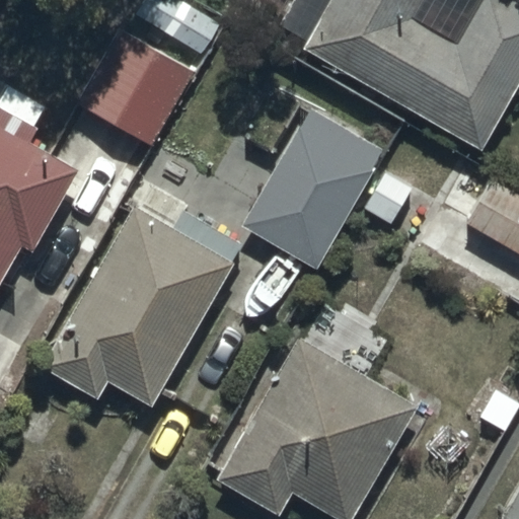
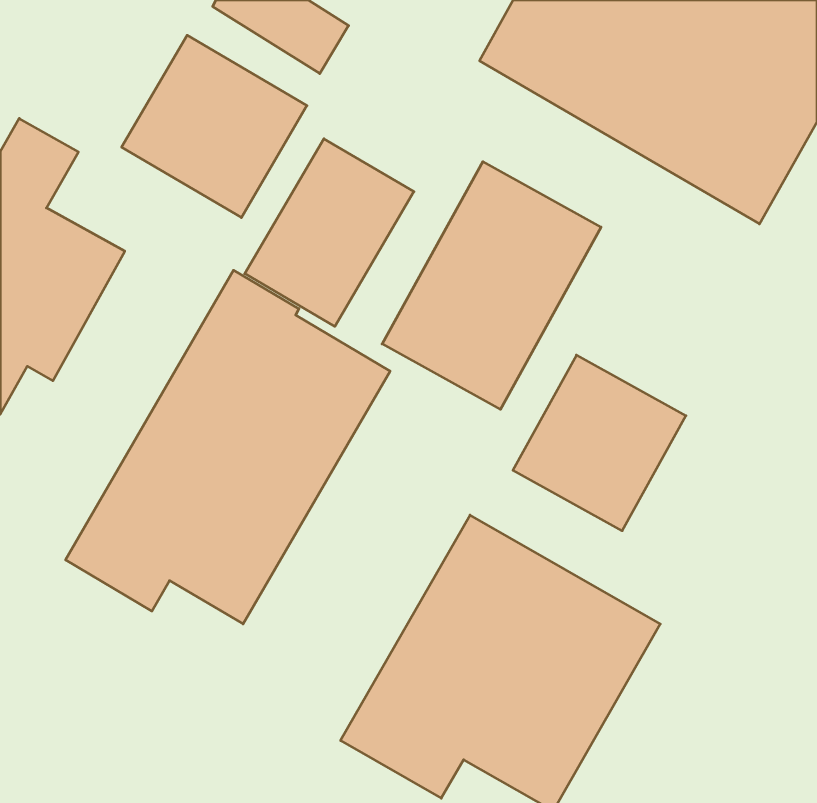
building: none -> [245,139,414,326]
building: none -> [513,355,686,531]

